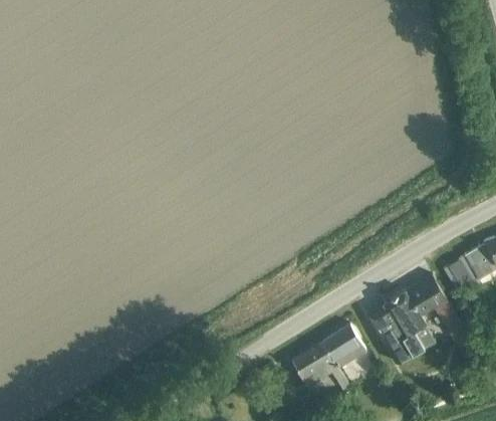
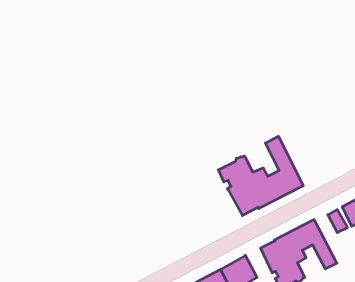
building: none -> [218,136,303,216]

